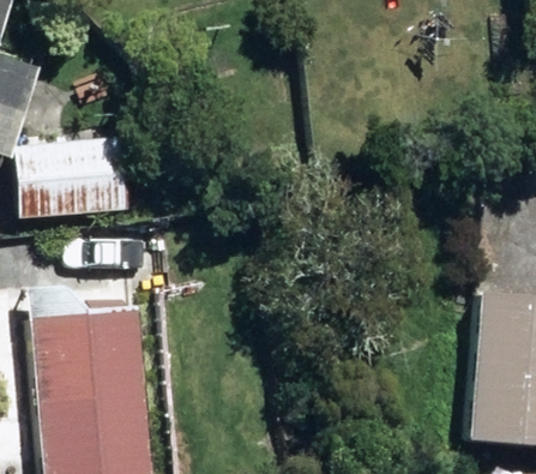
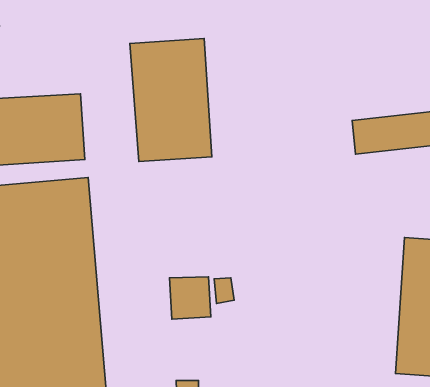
building: none -> [130,39,212,162]

